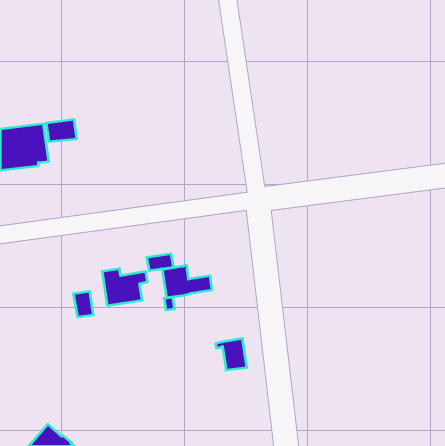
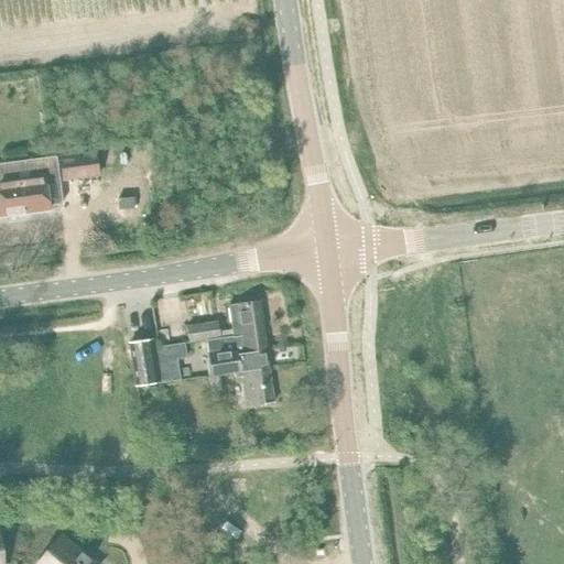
building: none -> [228,300,267,352]
building: [74,291,93,317] -> none
building: [216,339,247,370] -> [235,366,274,405]

